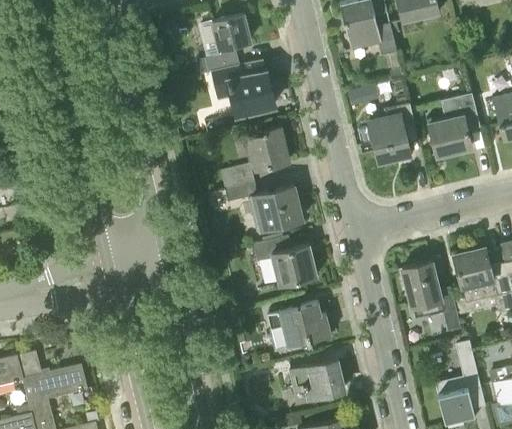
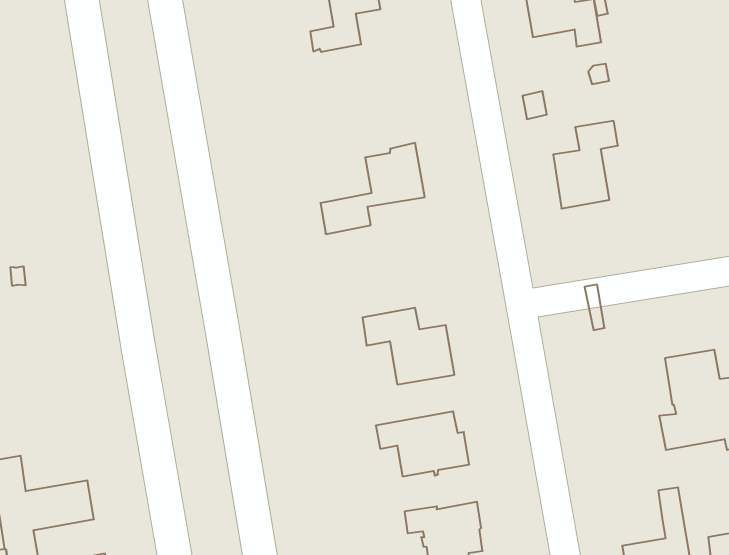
building: [213,62,274,116] -> none
building: [427,95,479,158] -> none
building: [225,184,302,232] -> none
building: [401,262,460,333] -> none

